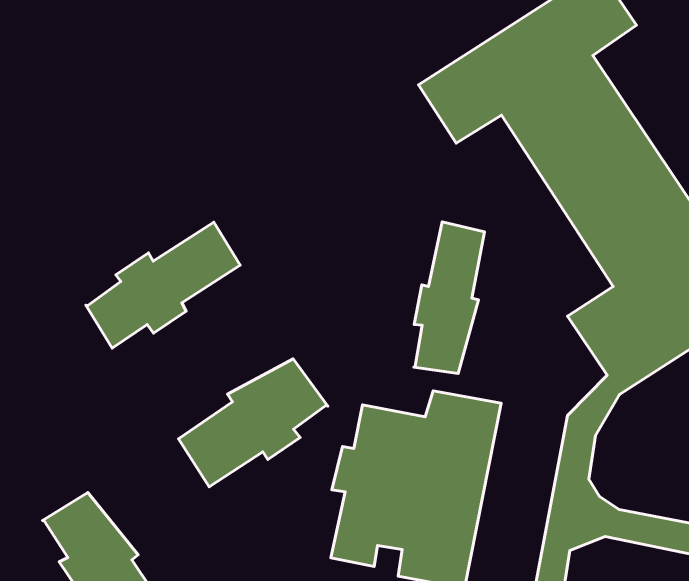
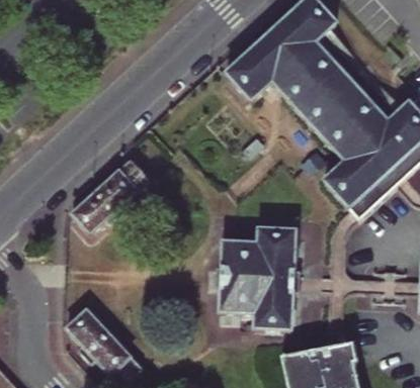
building: [414,222,485,374] -> none
building: [178,359,328,487] -> none

